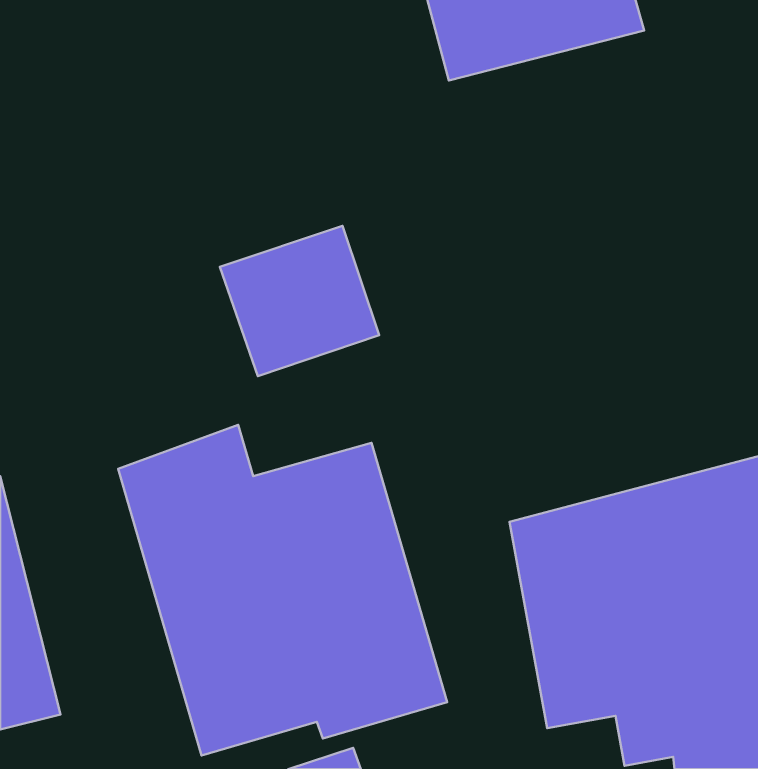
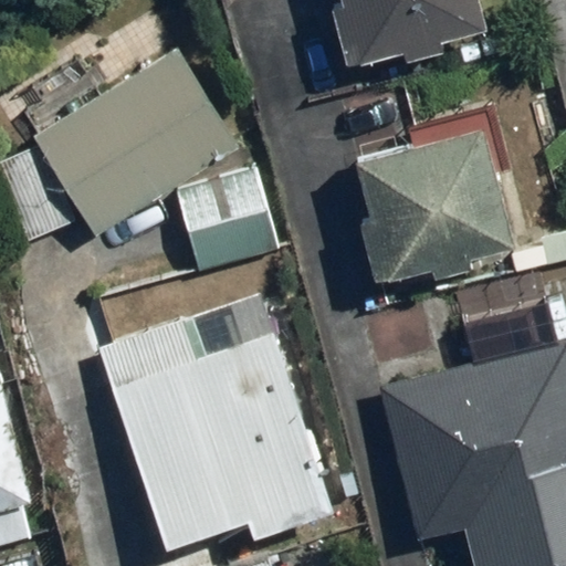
building: none -> [35,52,233,235]
building: none -> [352,139,512,285]

